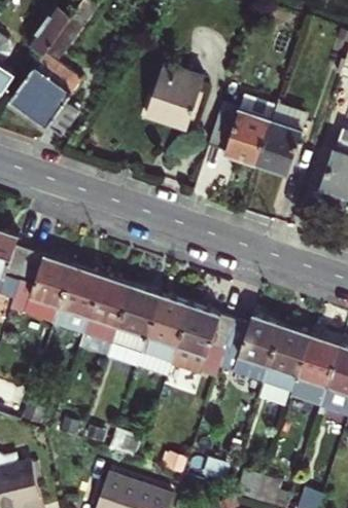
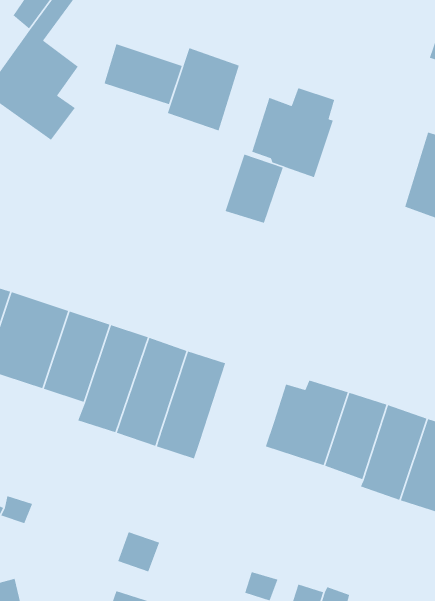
building: none -> [103,43,183,105]
building: [256,122,301,175] -> [224,154,284,224]
building: [171,303,235,377] -> none

